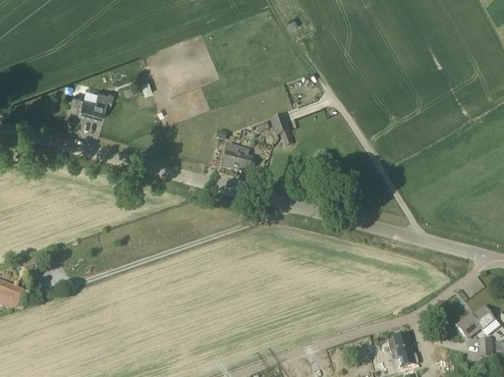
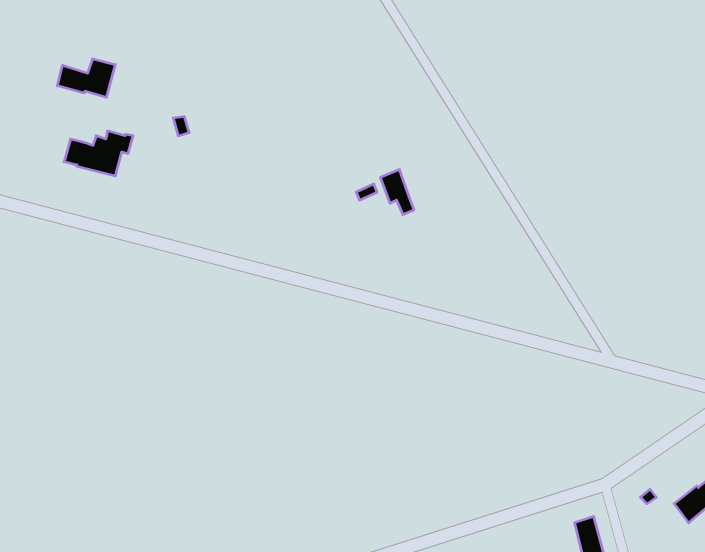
building: none -> [57,59,115,97]
building: [222,143,250,171] -> none

